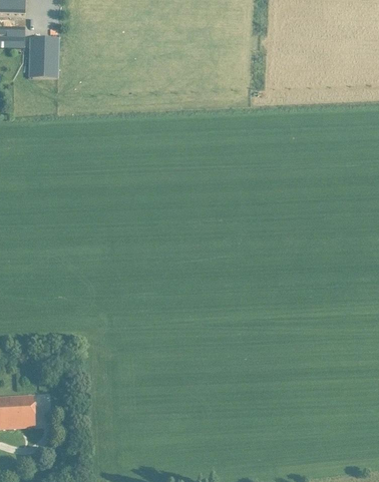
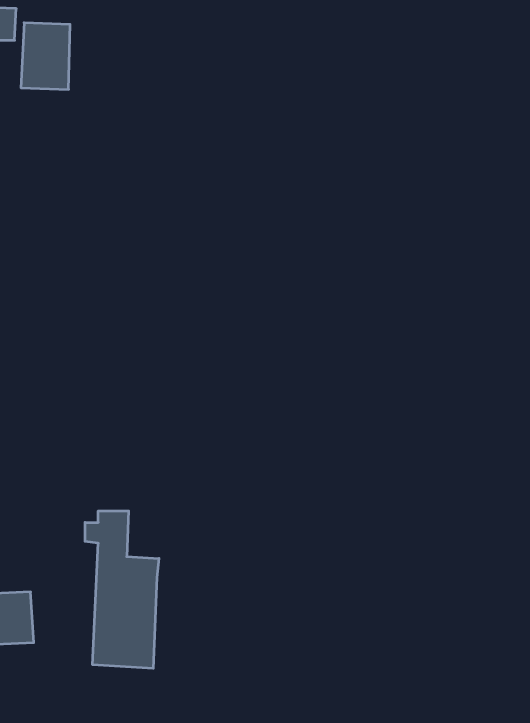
building: none -> [85,511,159,668]

